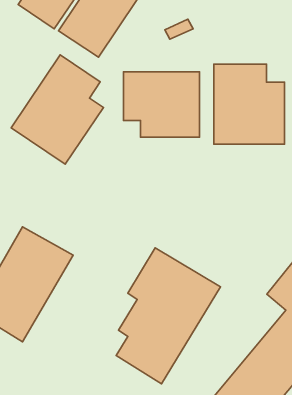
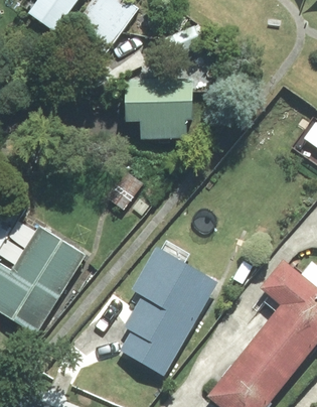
building: [11,55,103,164] -> none
building: [214,64,285,144] -> none

